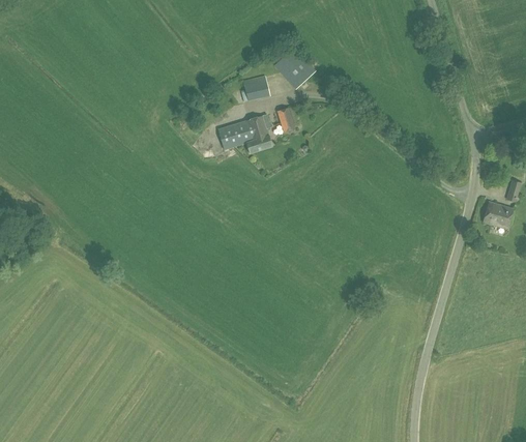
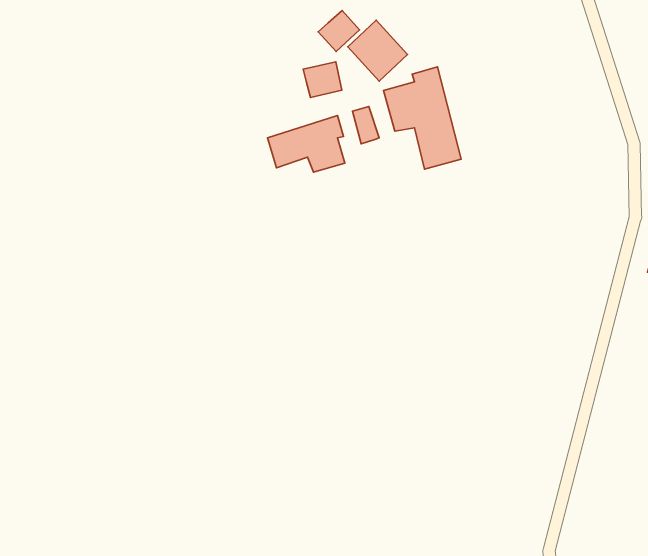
building: none -> [318,11,359,52]
building: none -> [383,67,461,169]

